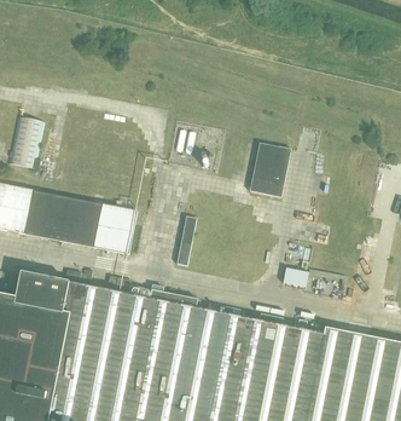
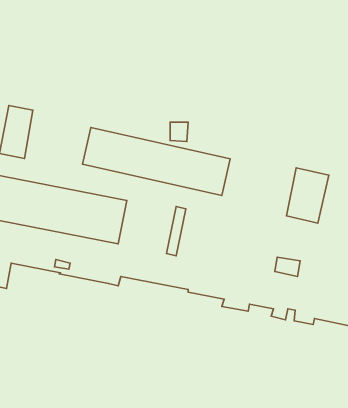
building: none -> [82,127,230,195]
building: [249,142,291,197] -> [287,168,329,223]

